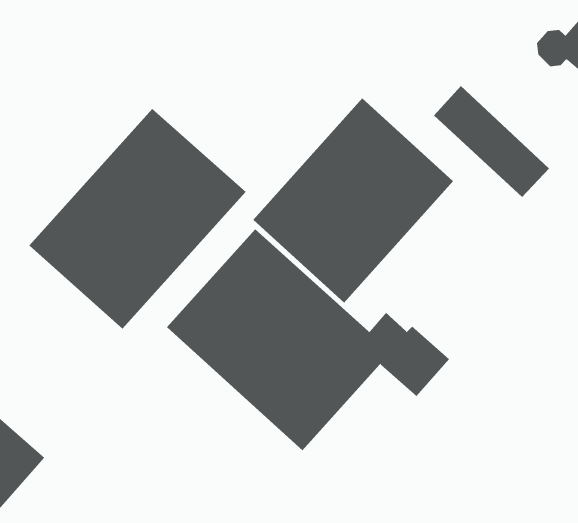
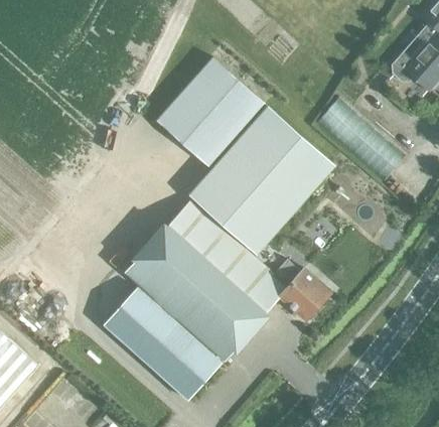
building: none -> [157,57,265,166]
building: [28,108,246,329] -> none
building: none -> [103,285,223,400]

